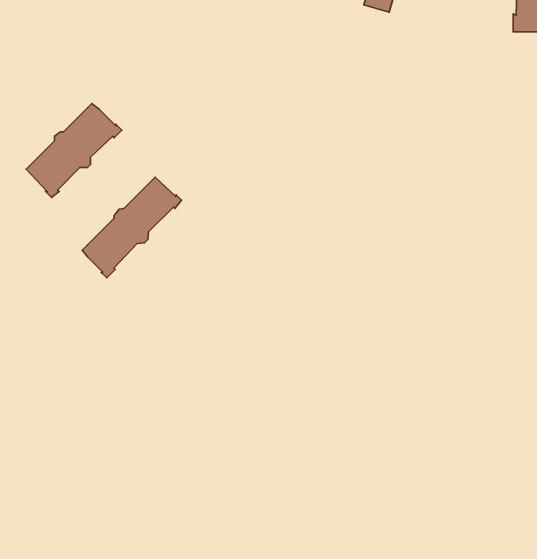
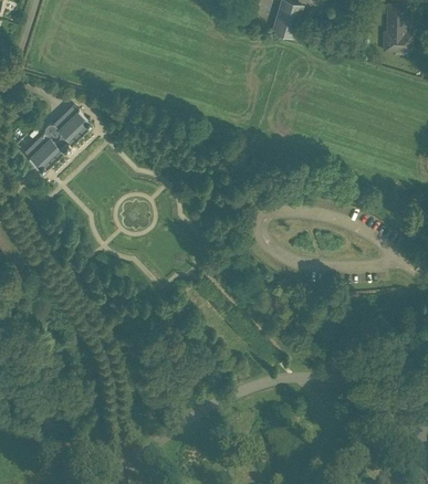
building: [82,177,182,278] -> none

